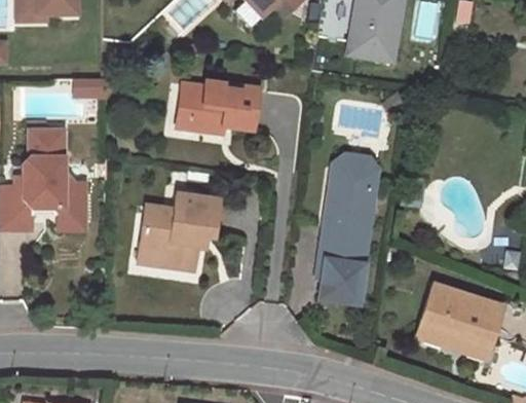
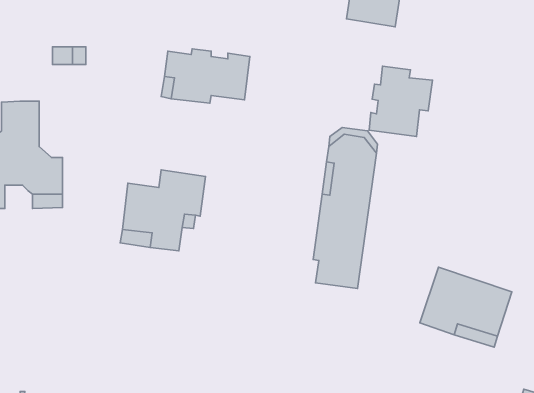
building: none -> [369,66,433,136]

